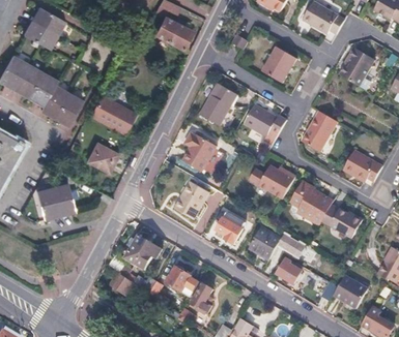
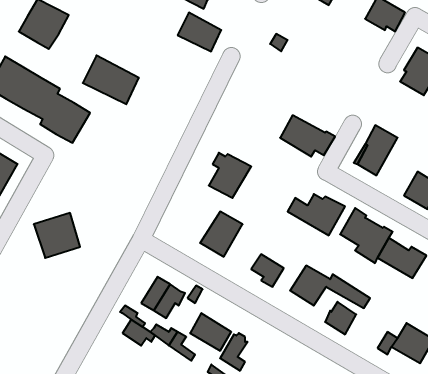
building: [262,48,296,83] -> none
building: [199,83,236,125] -> none
building: [89,95,136,135] -> [83,55,139,104]
building: [87,143,118,174] -> none

